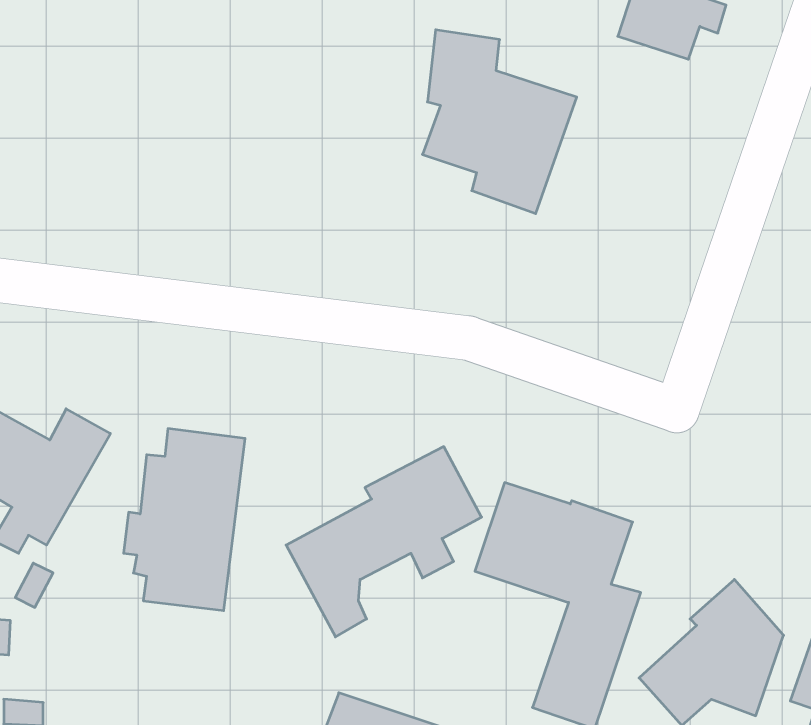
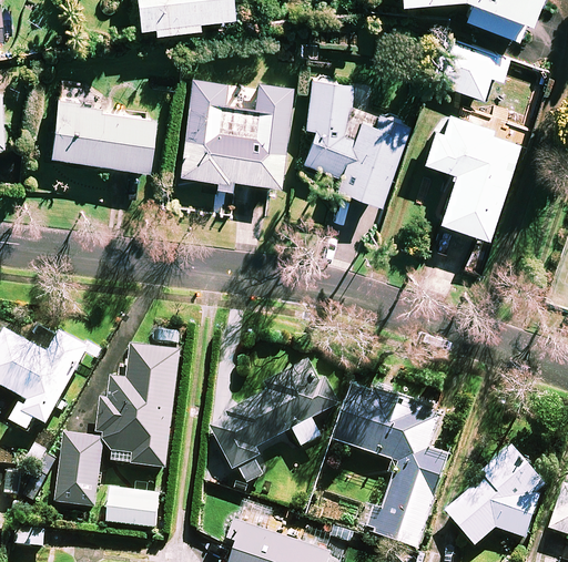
building: none -> [178,80,290,186]
building: none -> [48,101,152,167]
building: none -> [422,110,516,235]
building: none -> [57,436,104,509]
building: none -> [108,490,159,529]

